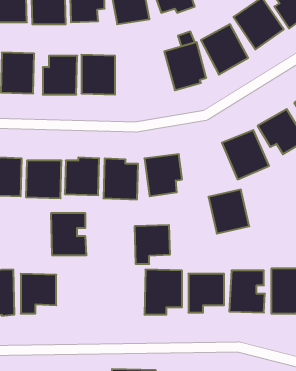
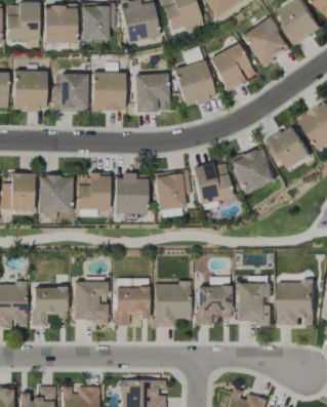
building: none -> [134,73,169,112]
building: [208,190,249,234] -> [193,161,233,204]
building: [51,213,87,255] -> [73,281,108,322]
building: [135,225,170,264] -> [115,287,150,325]

